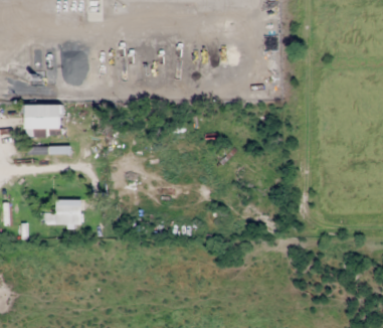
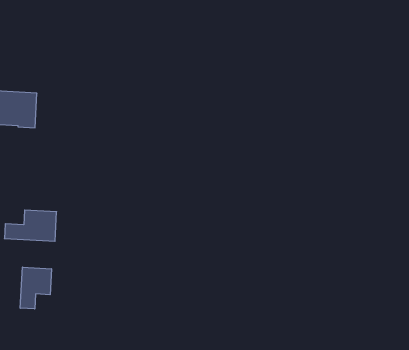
building: none -> [20,267,51,309]

